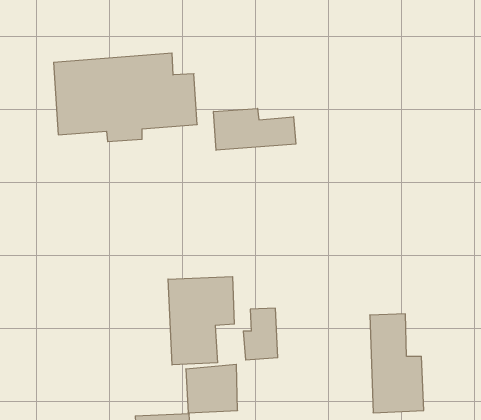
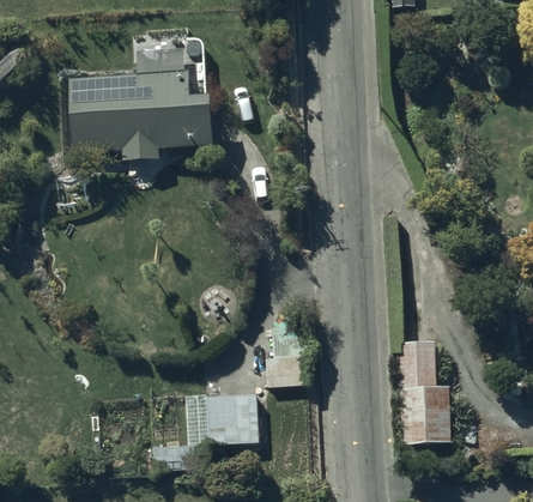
building: [214,108,296,150] -> none
building: [168,277,234,365] -> none

